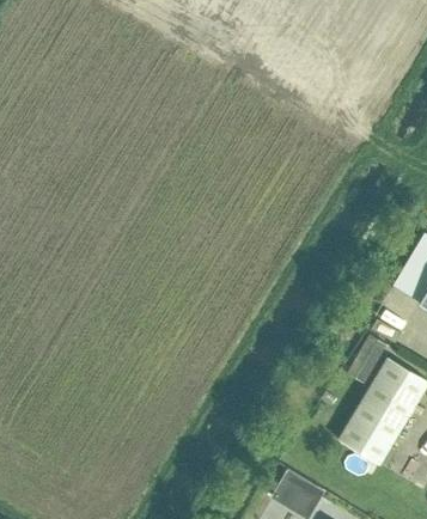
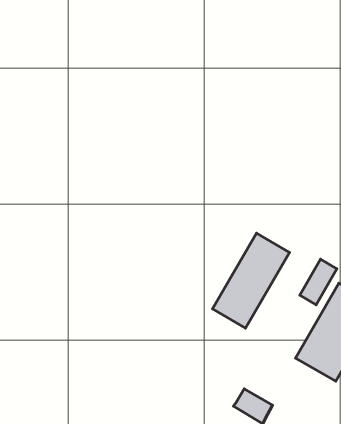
building: none -> [213,233,289,328]

